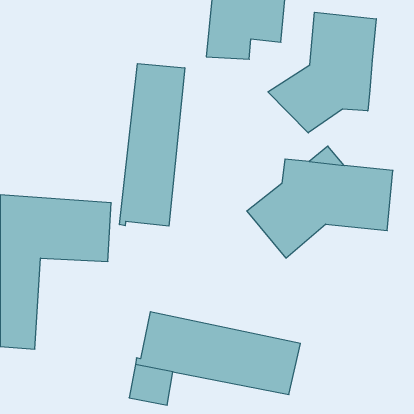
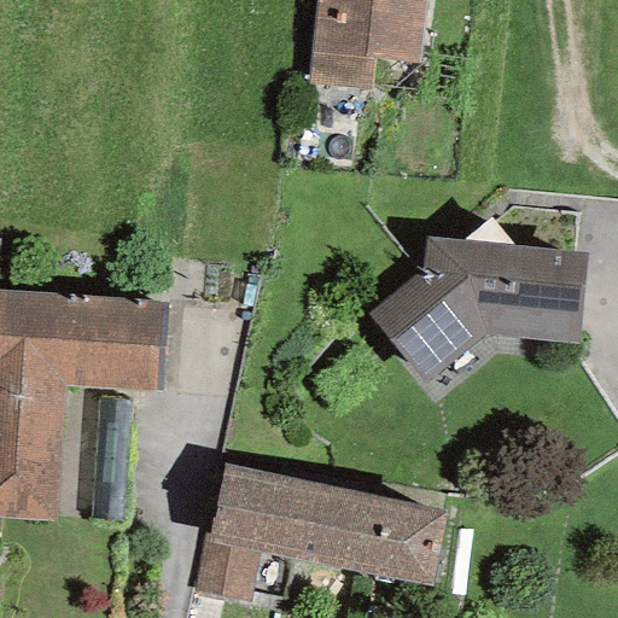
building: [268,12,376,133] -> none
building: [119,64,185,226] -> none

